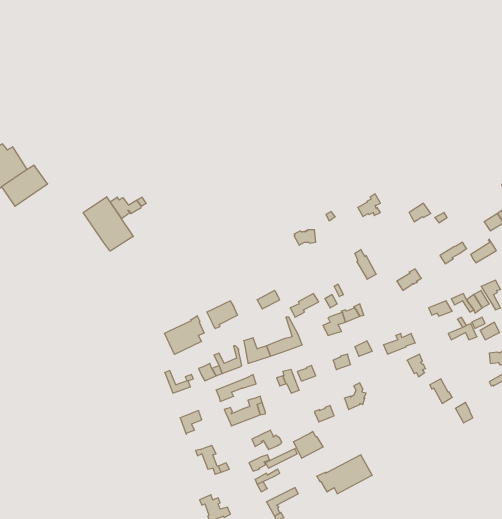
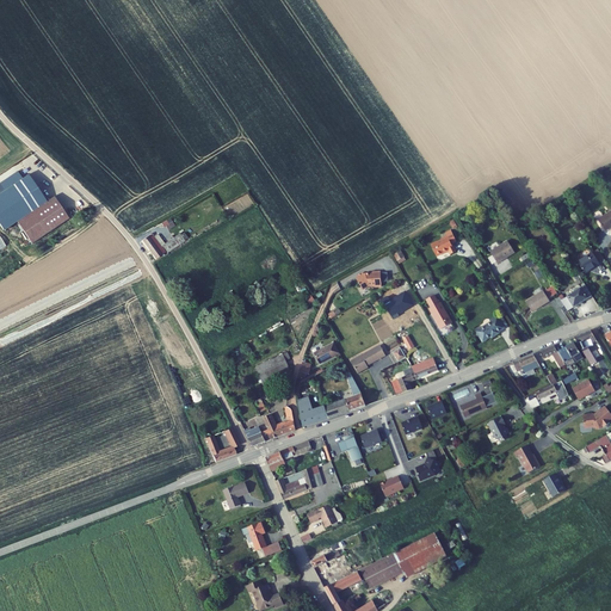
building: [83,197,133,251] -> none
building: [165,316,204,354] -> none
building: [293,432,323,458] -> [359,557,394,588]

